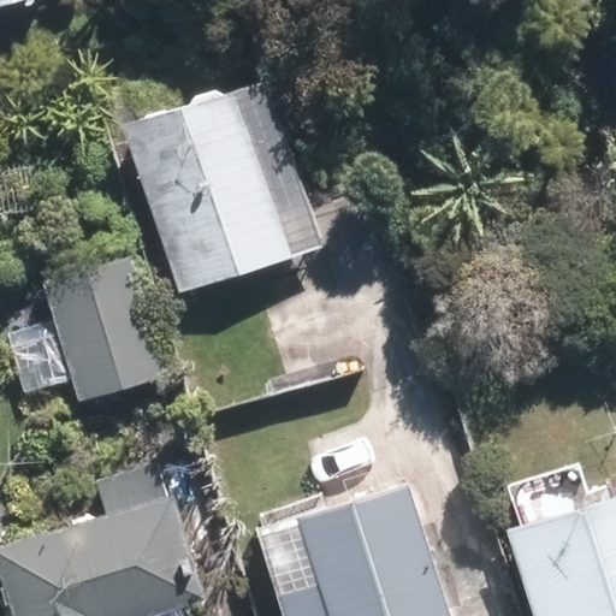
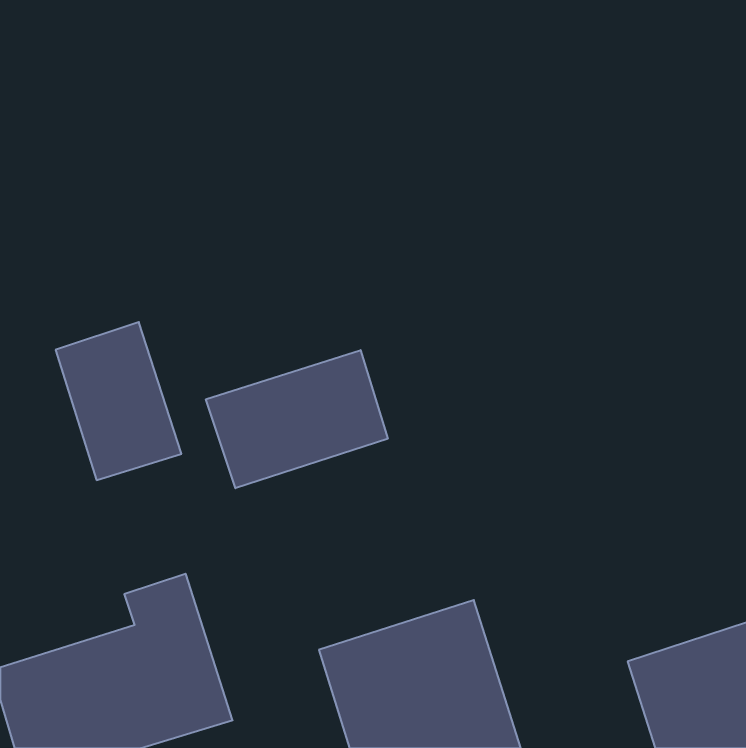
building: [128,89,302,285] -> none
building: none -> [206,350,388,488]

